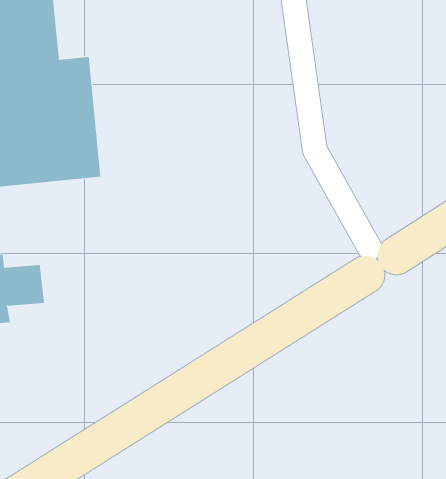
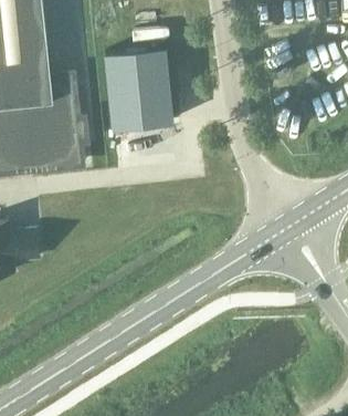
building: none -> [104,49,173,131]

